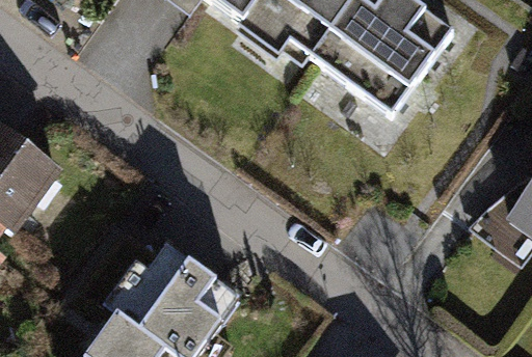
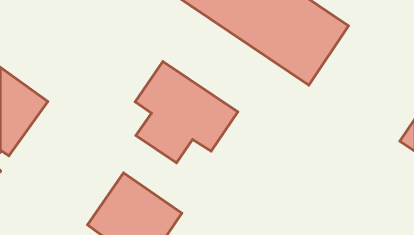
building: none -> [135,61,238,163]

